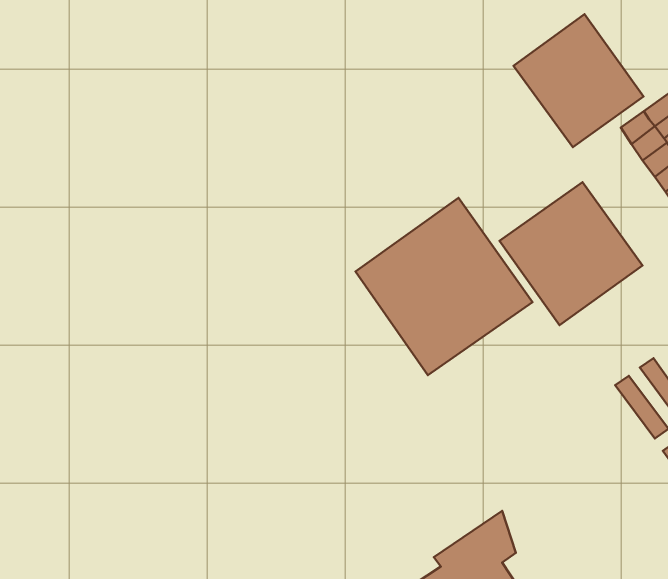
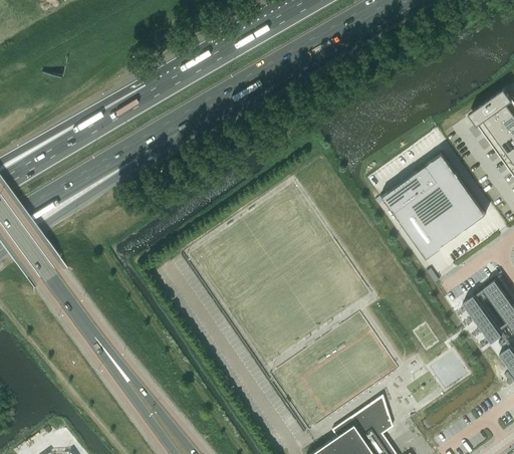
building: [513,14,644,147] -> none
building: [356,198,532,375] -> none

